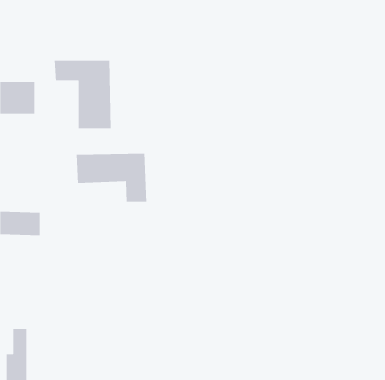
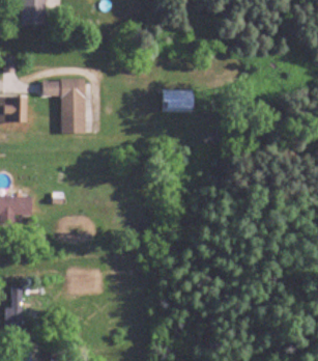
building: none -> [163,89,194,112]
building: [76,153,147,202] -> none

